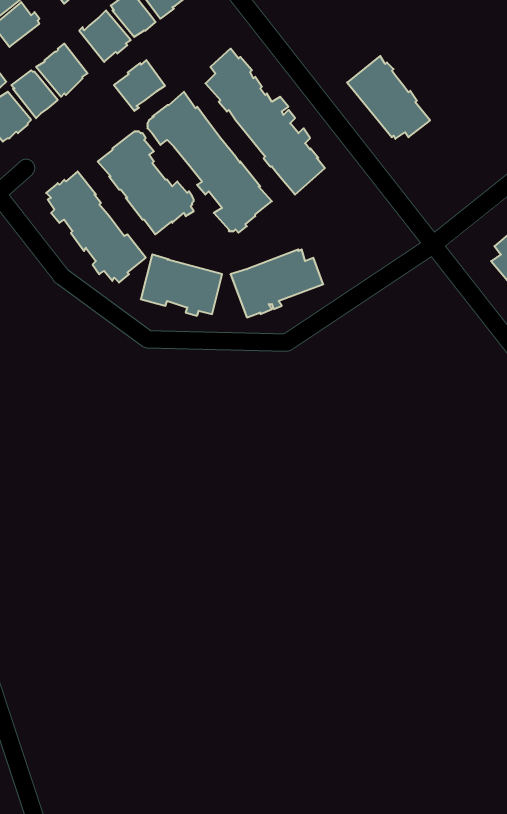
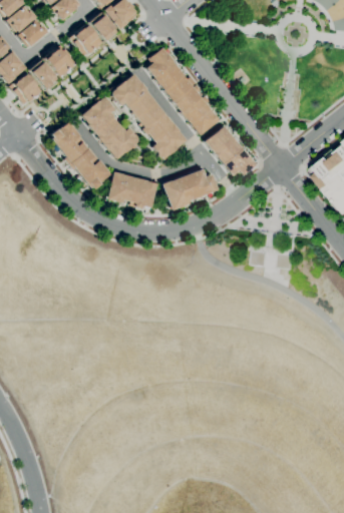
building: [347,56,430,139] -> [204,125,254,175]
building: [114,60,165,111] -> none

